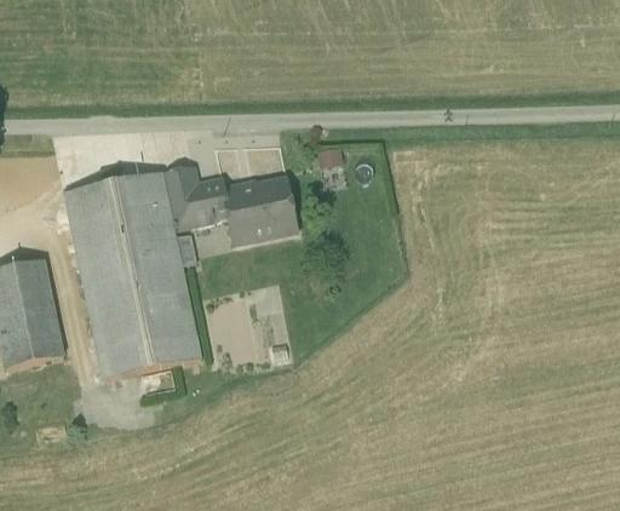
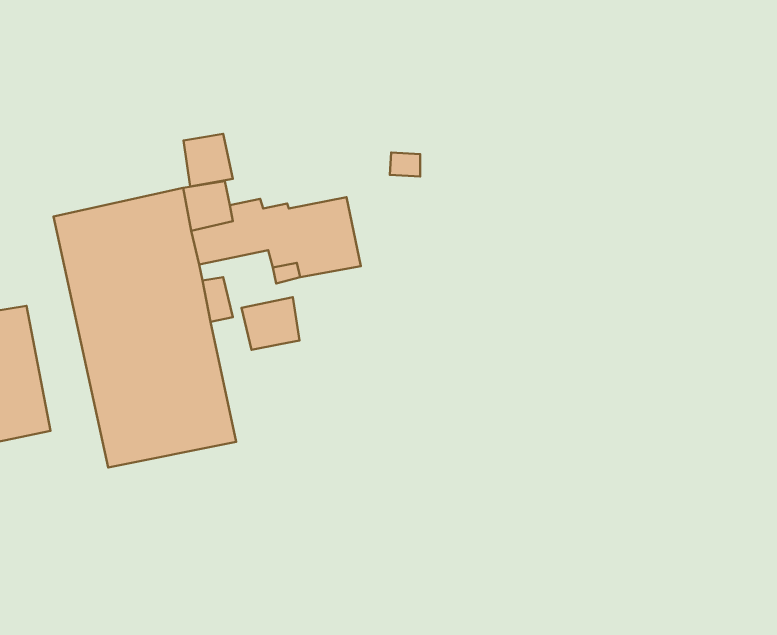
building: none -> [183,134,233,187]
building: none -> [241,297,299,350]

